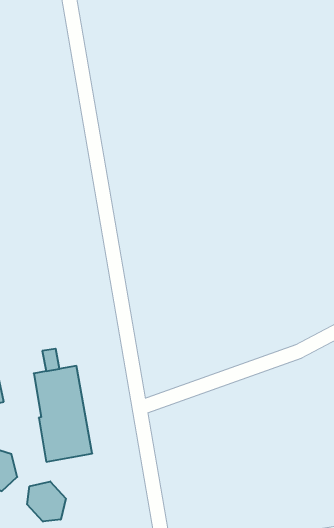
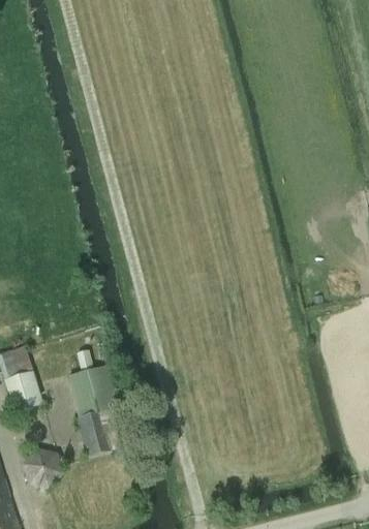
building: [27,481,66,522] -> none

